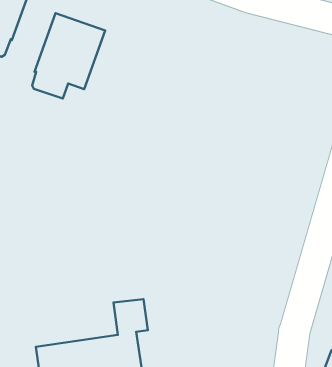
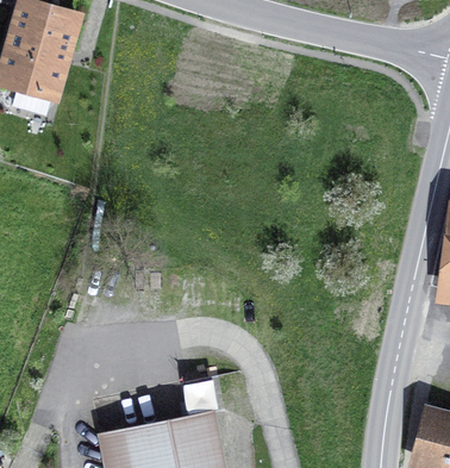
building: [32,13,105,99] -> none

